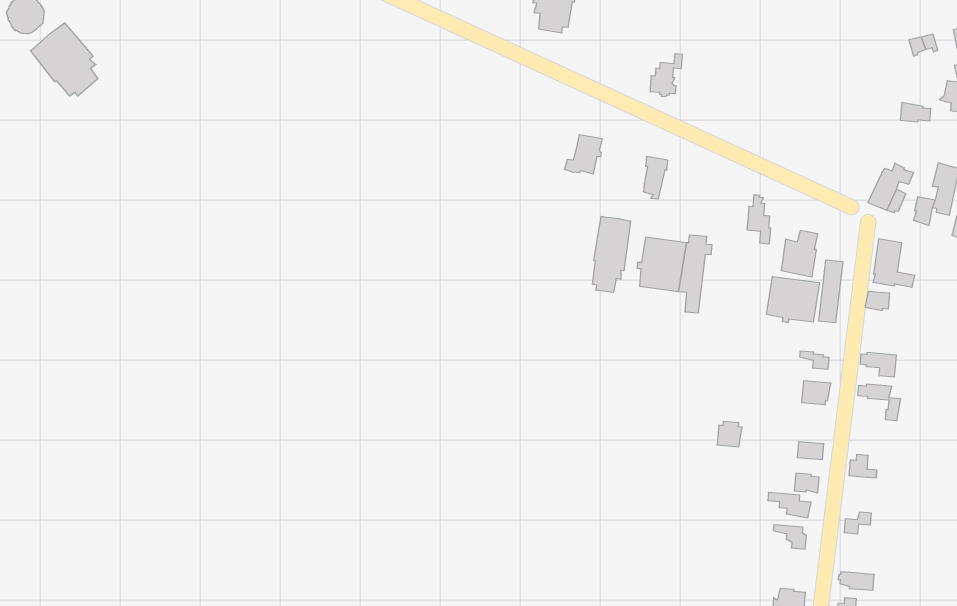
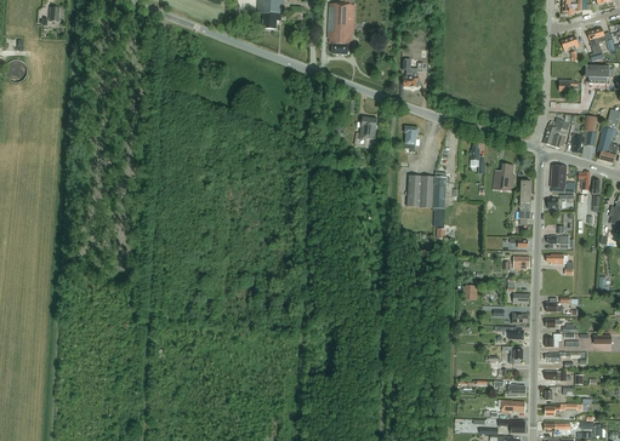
building: [31,23,98,96] -> none
building: [592,216,631,292] -> none
building: [767,276,819,323] -> none

